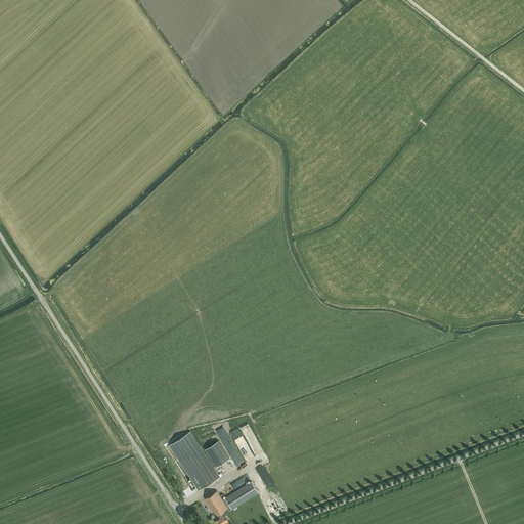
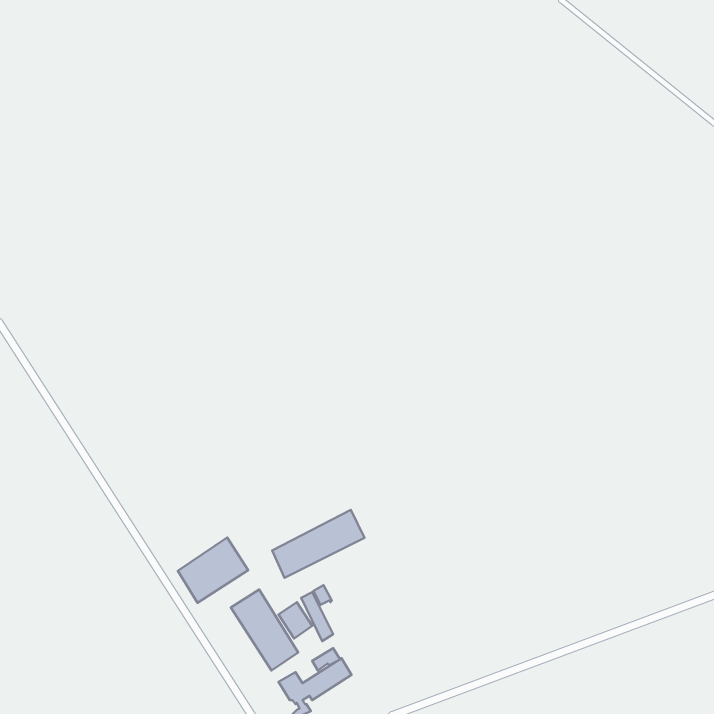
building: none -> [272,510,365,578]
building: none -> [178,538,248,603]

